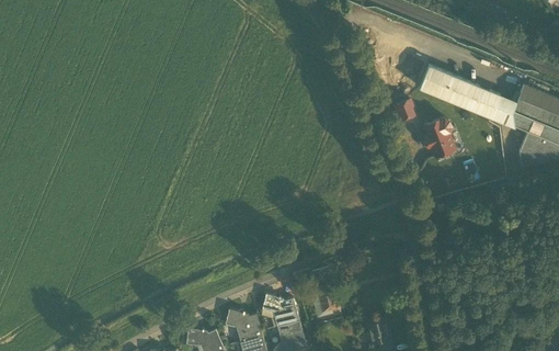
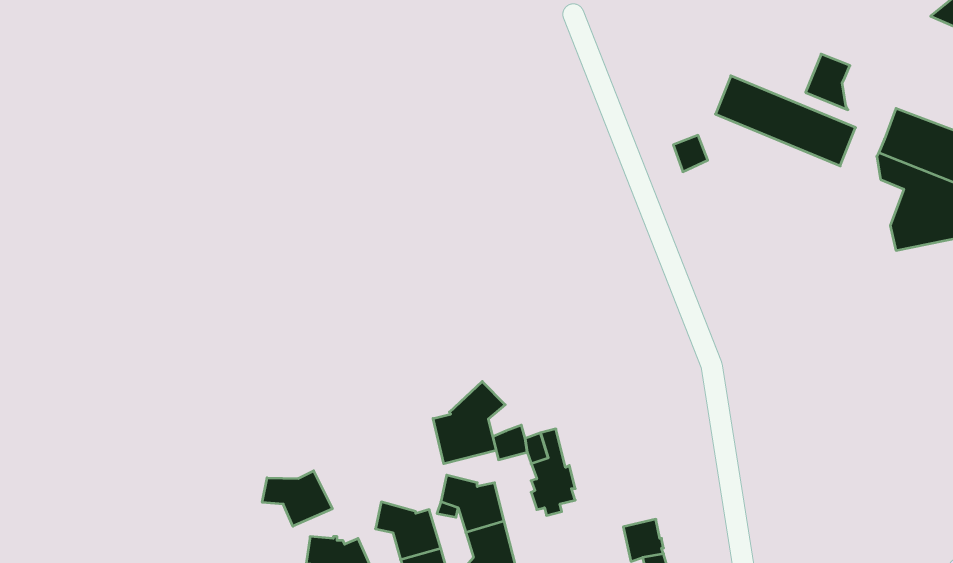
building: [490,94,515,126] -> [806,54,850,110]
building: [422,116,454,155] -> none
building: none -> [433,381,505,464]
building: none -> [262,471,332,526]

